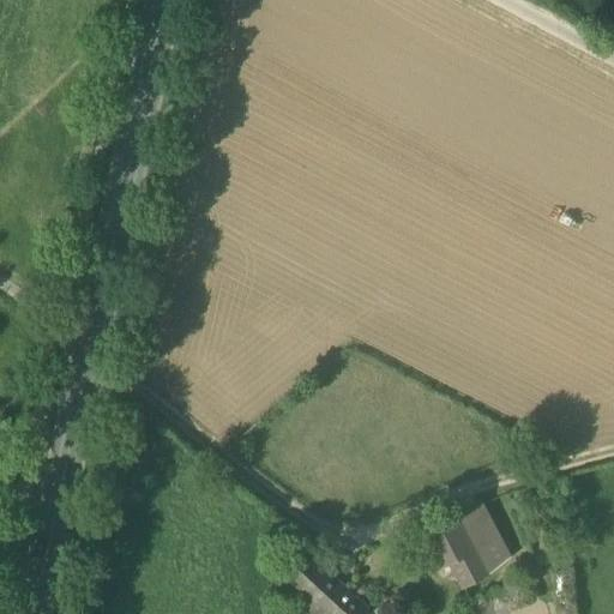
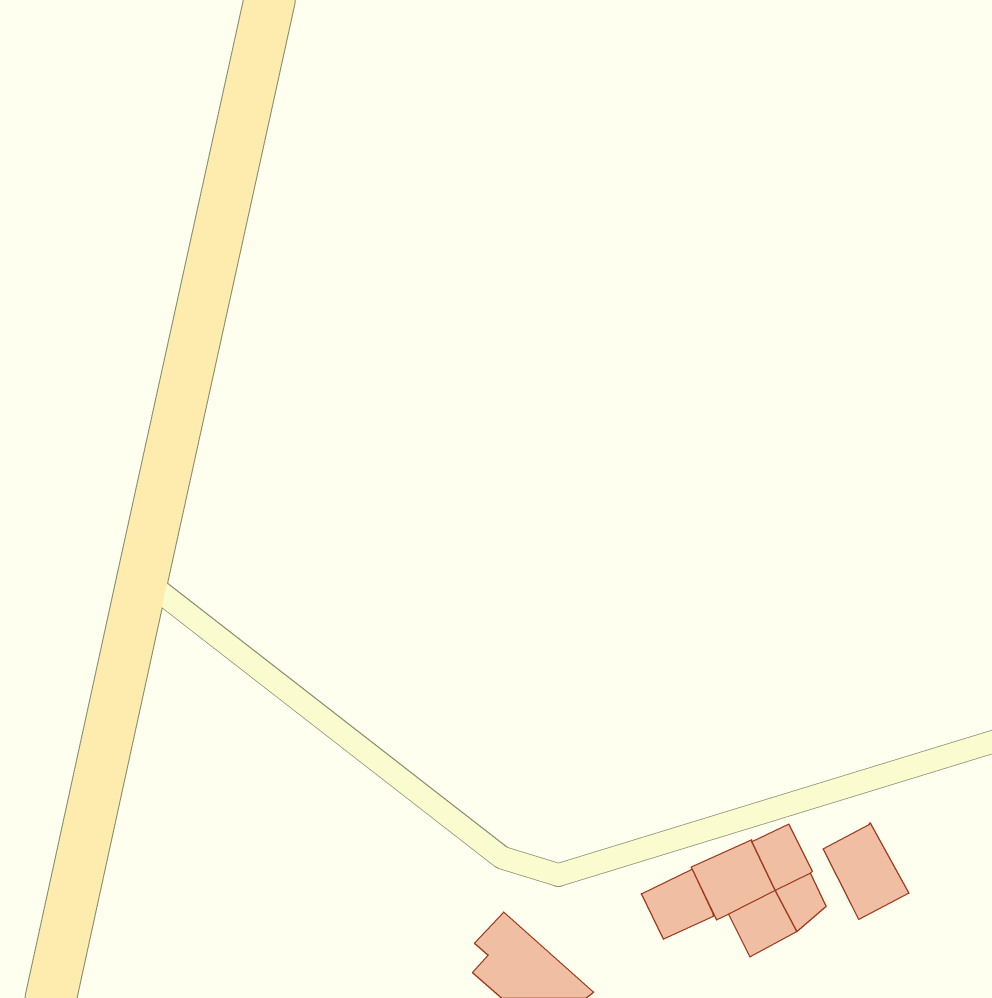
building: none -> [823,823,909,919]
building: none -> [641,869,713,939]

